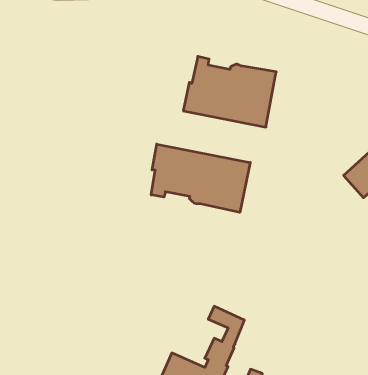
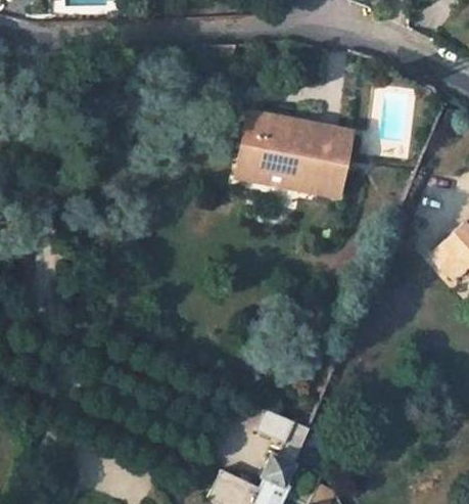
building: [151,144,250,212] -> none

